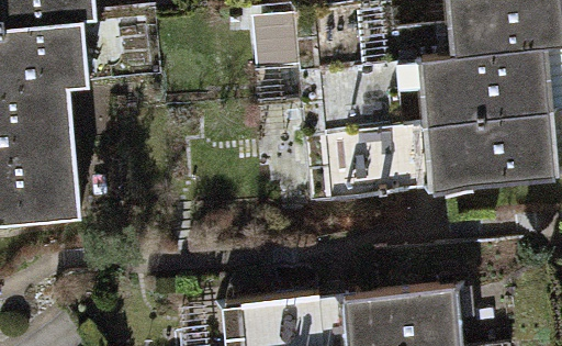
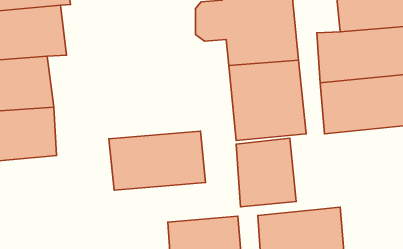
building: none -> [109,131,205,190]
building: none -> [236,138,296,207]

